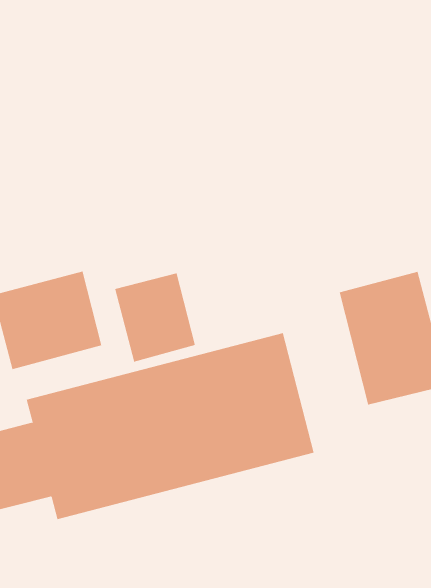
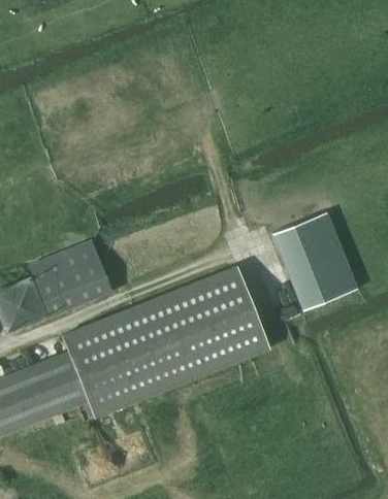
building: [115,273,196,363] -> none

